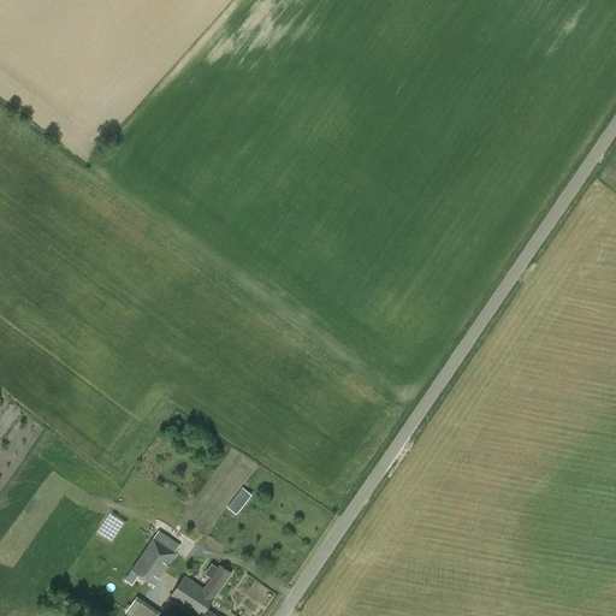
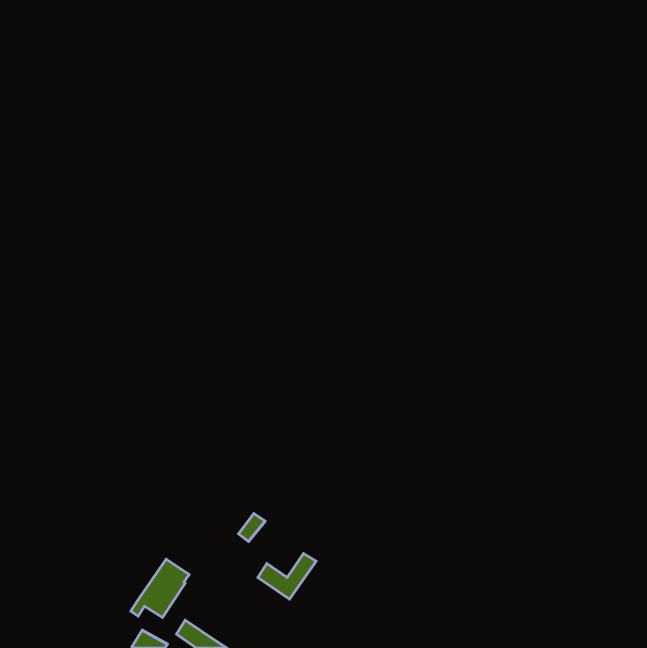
building: [176,565,231,609] -> [258,553,316,599]

